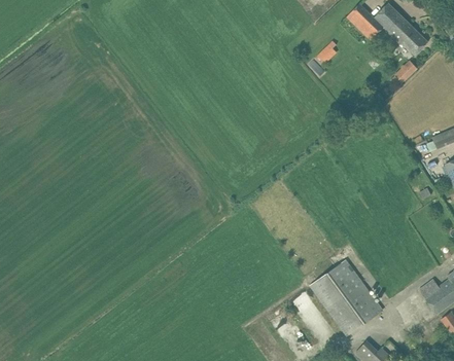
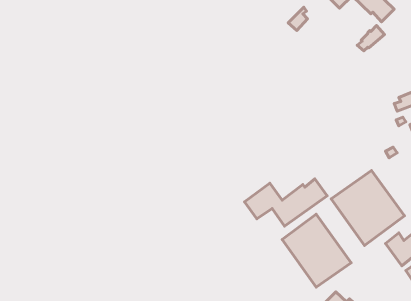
building: none -> [331,170,404,245]
building: none -> [245,179,327,226]

